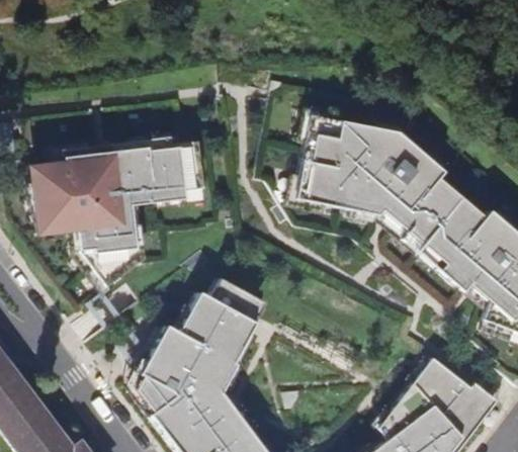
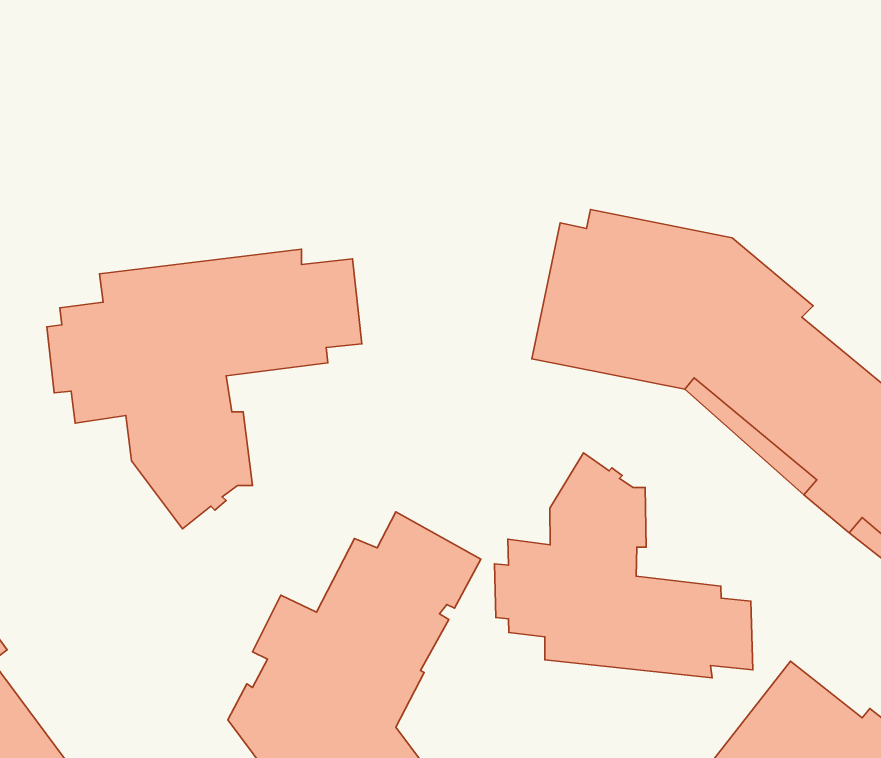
building: none -> [494,453,753,678]

